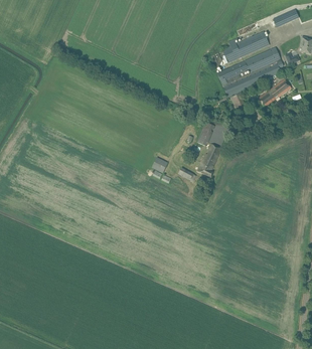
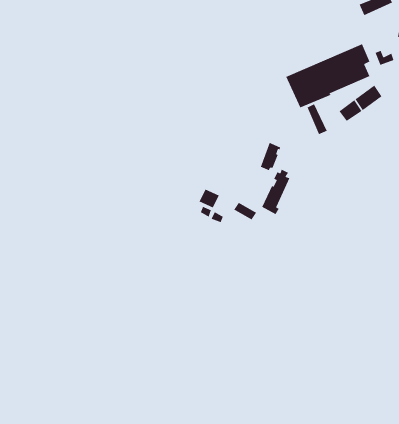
building: [221,31,270,62] -> none

